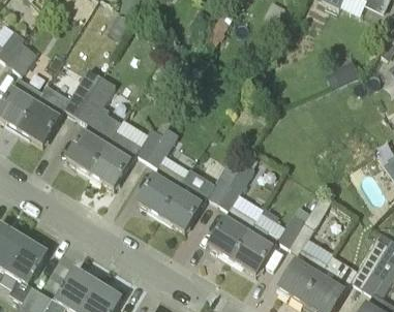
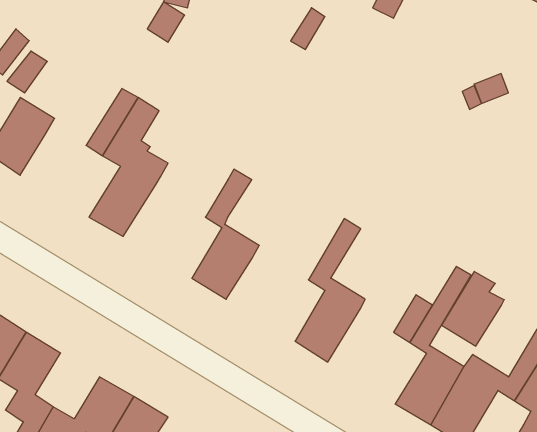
building: [19,86,69,144] -> none
building: [90,126,162,187] -> none
building: [161,164,236,230] -> none
building: [232,222,275,274] -> [441,271,504,346]

